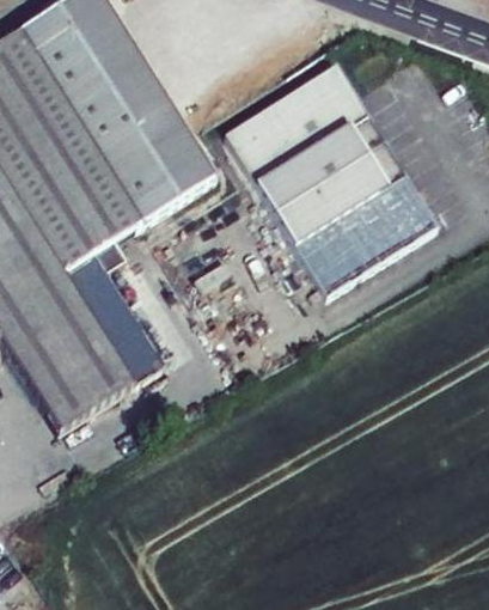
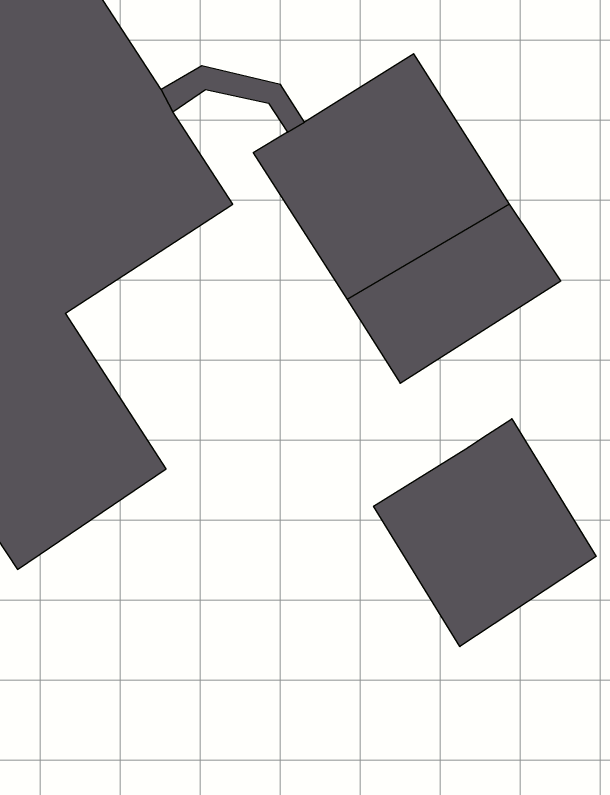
building: none -> [374,419,596,647]

